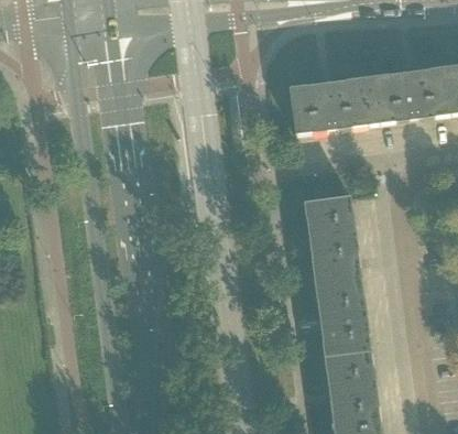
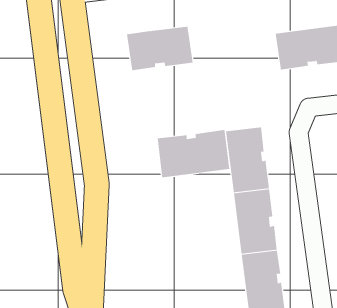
building: [290,77,374,133] -> [126,26,193,71]
building: none -> [157,129,230,178]

